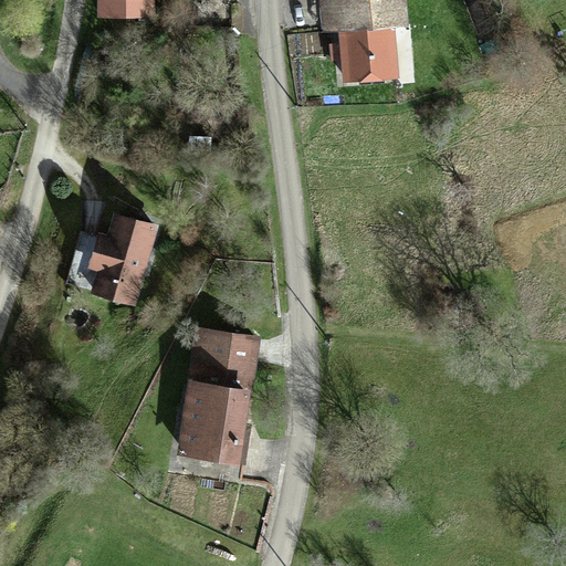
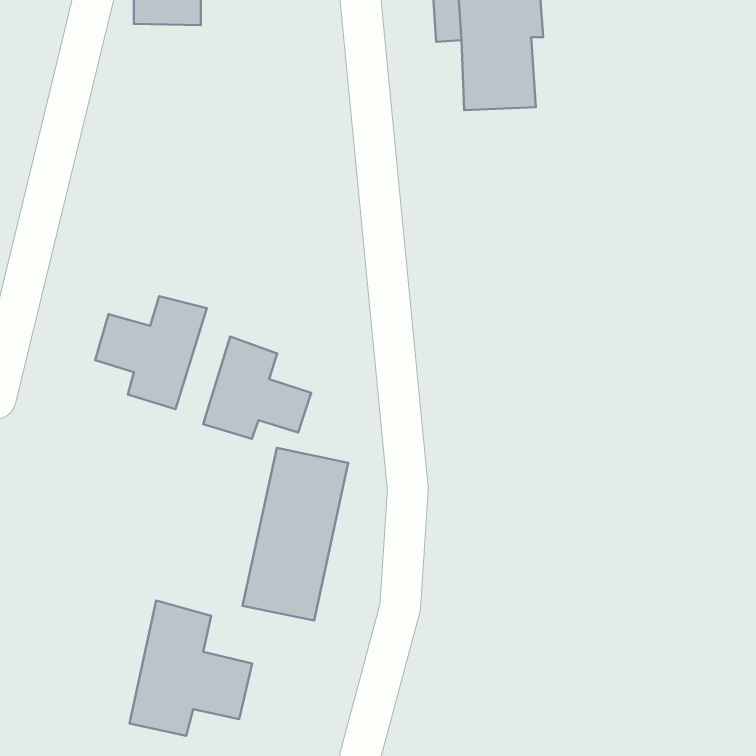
building: none -> [203,336,311,439]
building: none -> [129,600,252,736]

